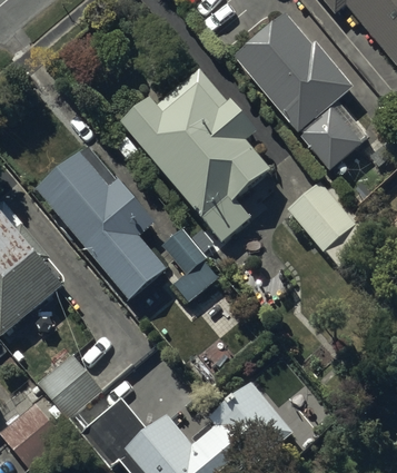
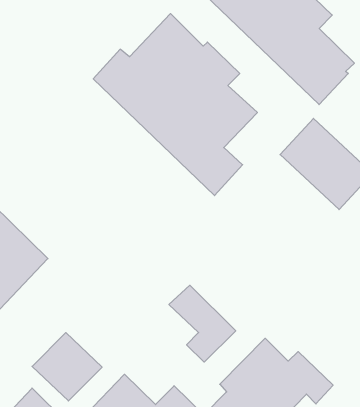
building: [36,151,166,298] -> none
building: [161,227,220,299] -> [169,285,236,362]

